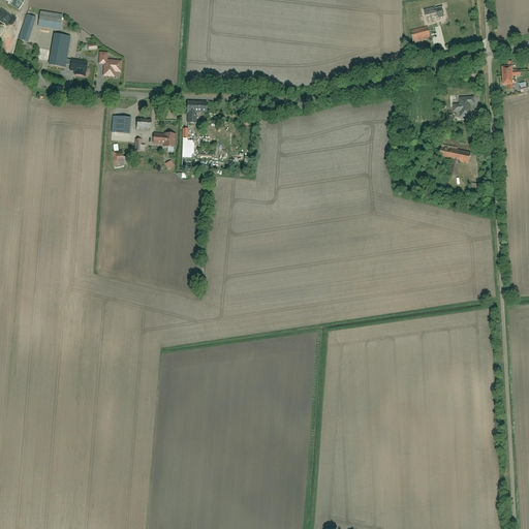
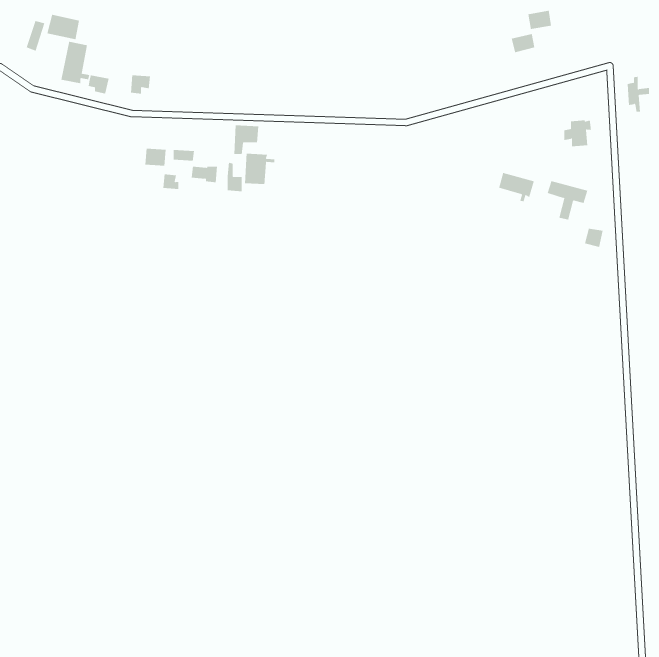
building: none -> [245,153,275,185]
building: none -> [498,172,534,202]

